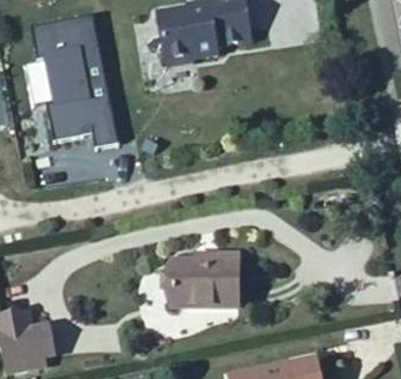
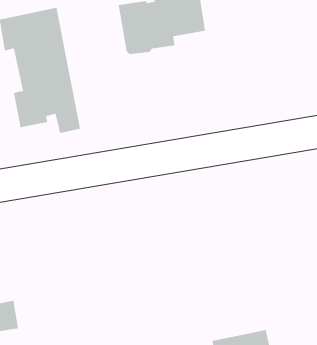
building: [172,253,238,306] -> none

